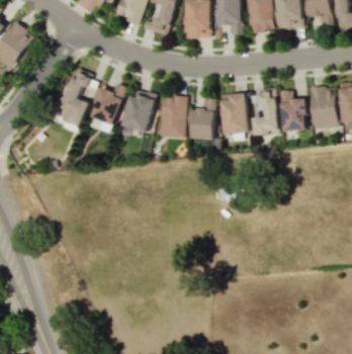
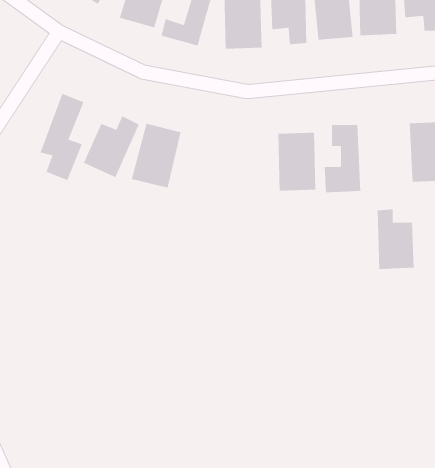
building: [280,89,305,130] -> [377,208,414,270]
building: [159,95,184,137] -> none
building: [190,98,214,139] -> none

